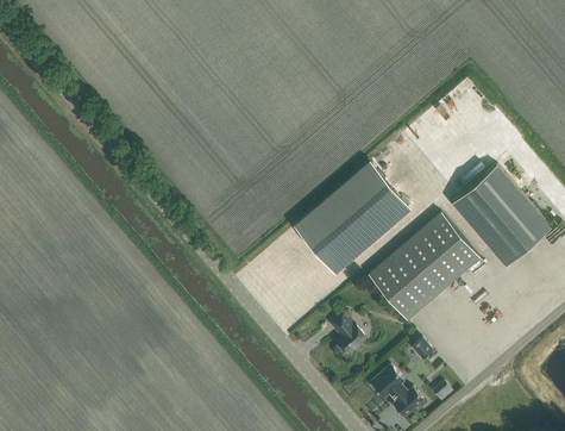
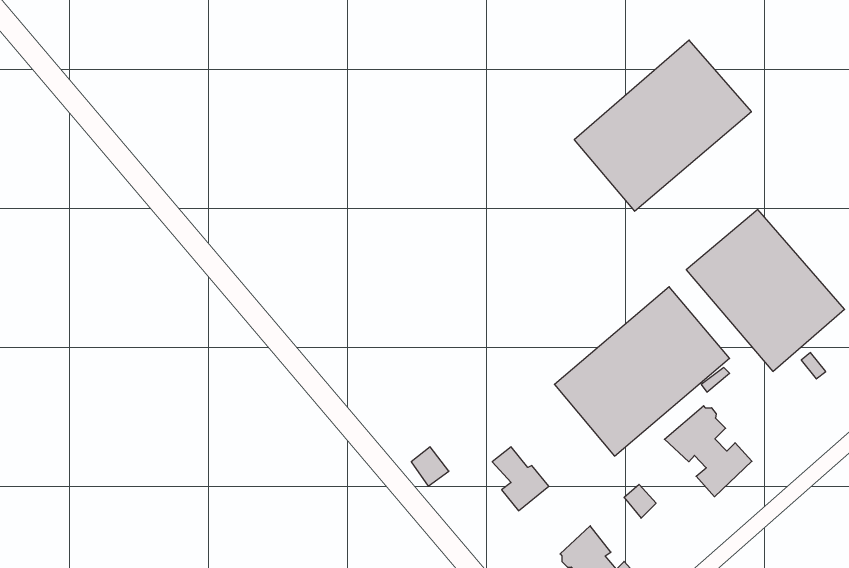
building: [296,163,408,271] -> [574,40,751,211]
building: none -> [664,406,752,497]

